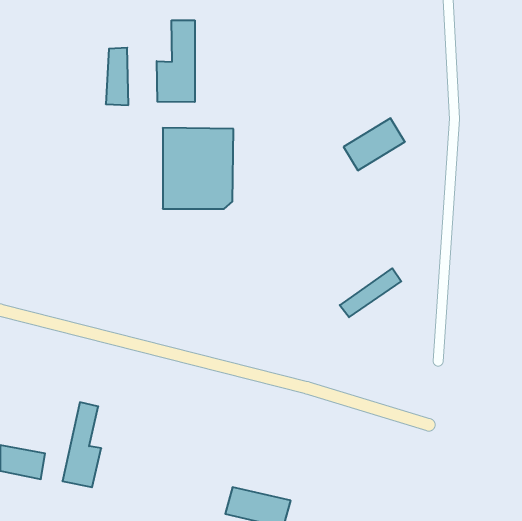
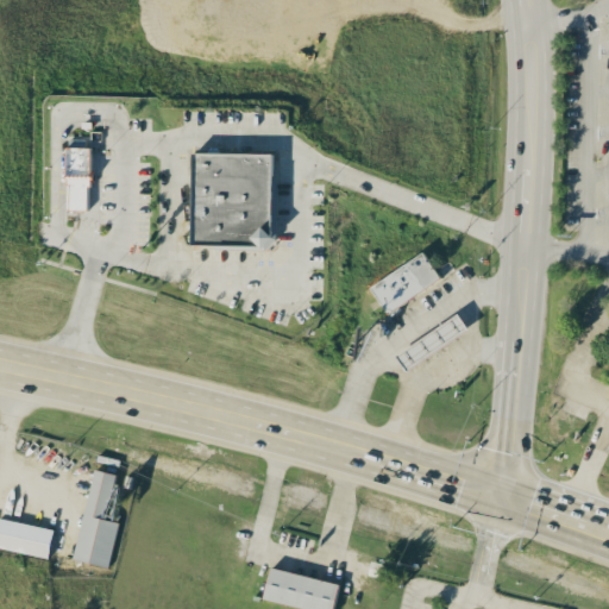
building: [157,20,195,102] -> none
building: [106,48,128,105] -> [65,146,92,213]
building: [344,118,405,170] -> [370,253,441,314]

